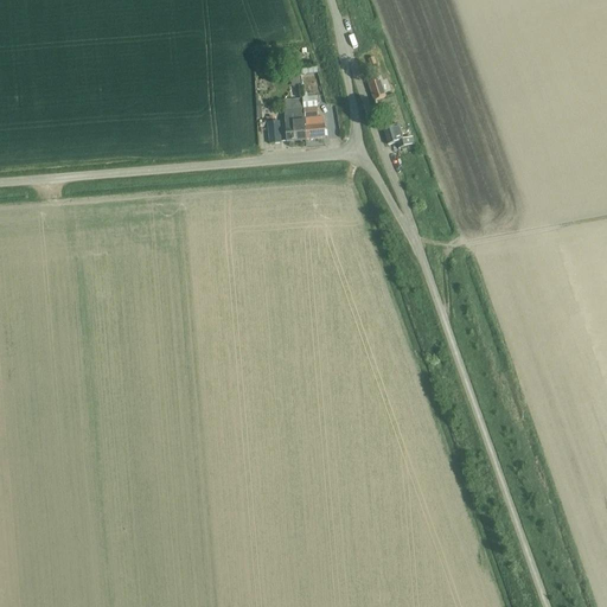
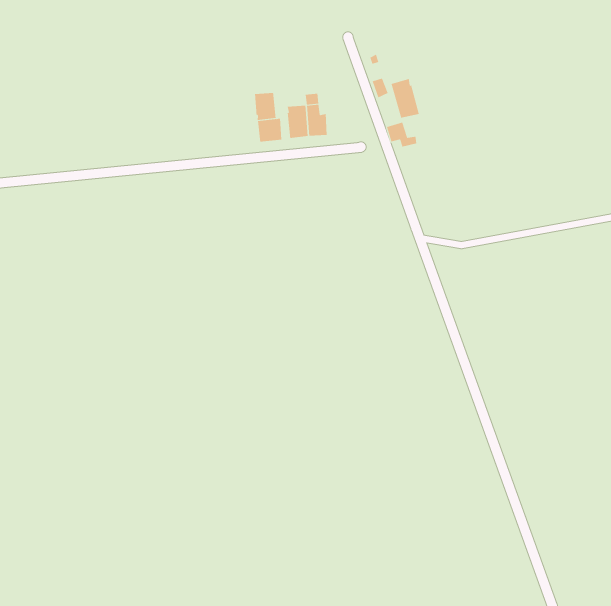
building: none -> [391,78,420,119]
building: none -> [254,92,276,121]

